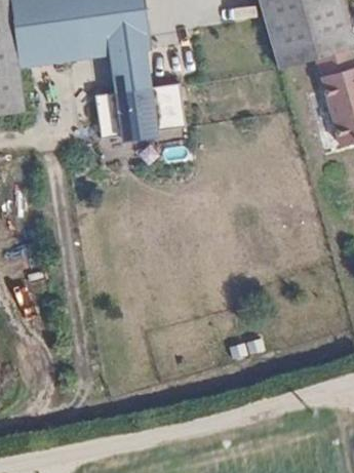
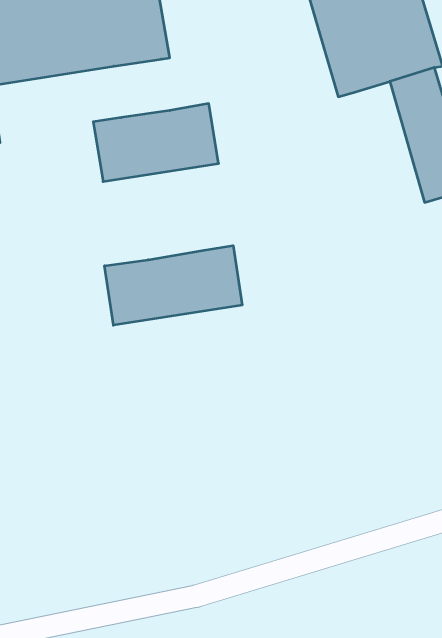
building: [112,44,153,87] -> none
building: none -> [105,246,242,325]

